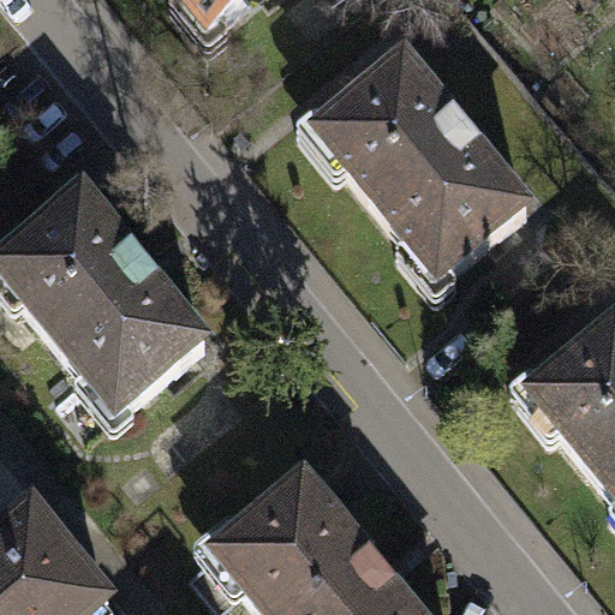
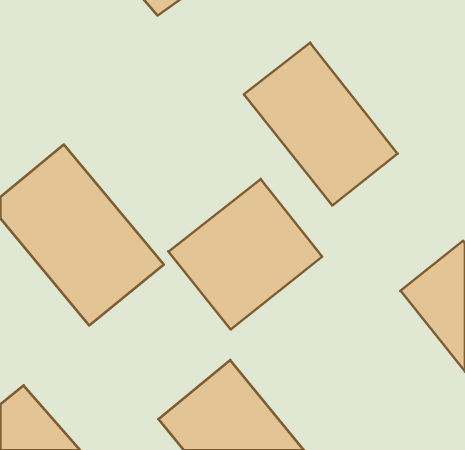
building: none -> [168,179,322,329]

